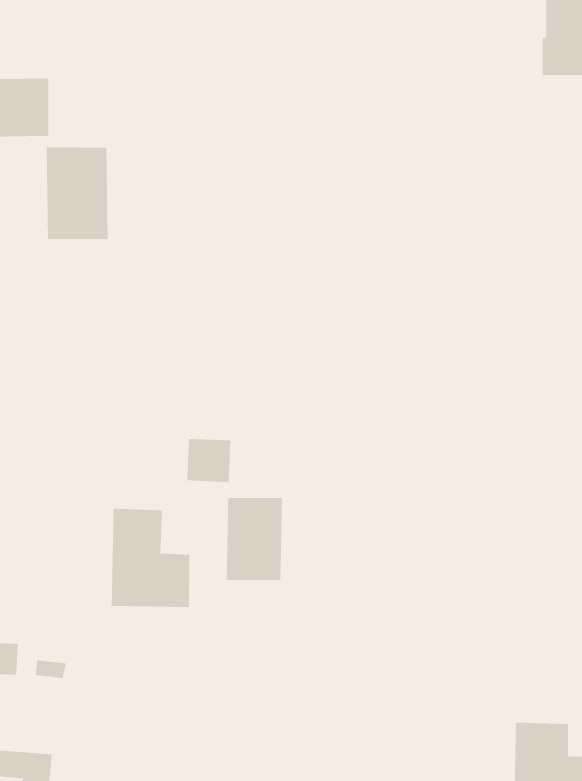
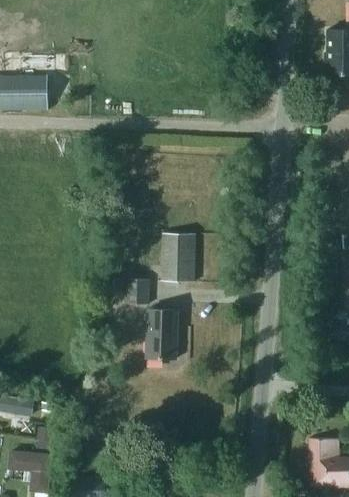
building: [46,147,108,240] -> none
building: none -> [161,232,196,280]
building: [111,508,190,608] -> none

